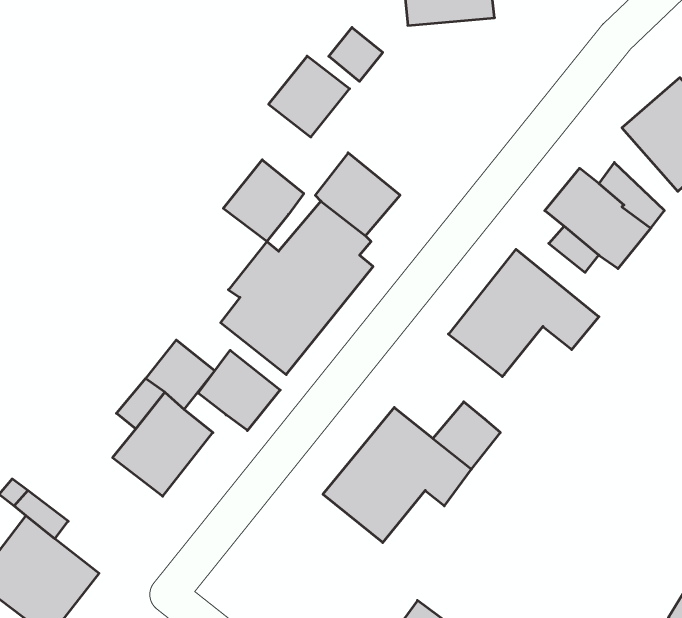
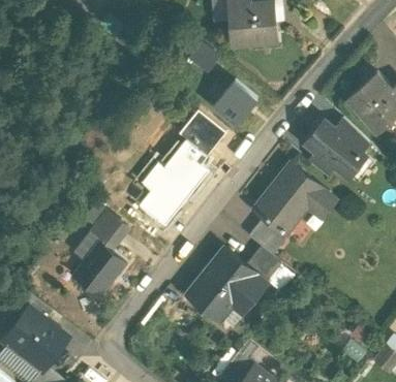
building: [269,56,350,137] -> [215,82,258,125]
building: [223,160,304,242] -> none
building: none -> [249,217,290,255]
building: [198,350,280,431] -> none

